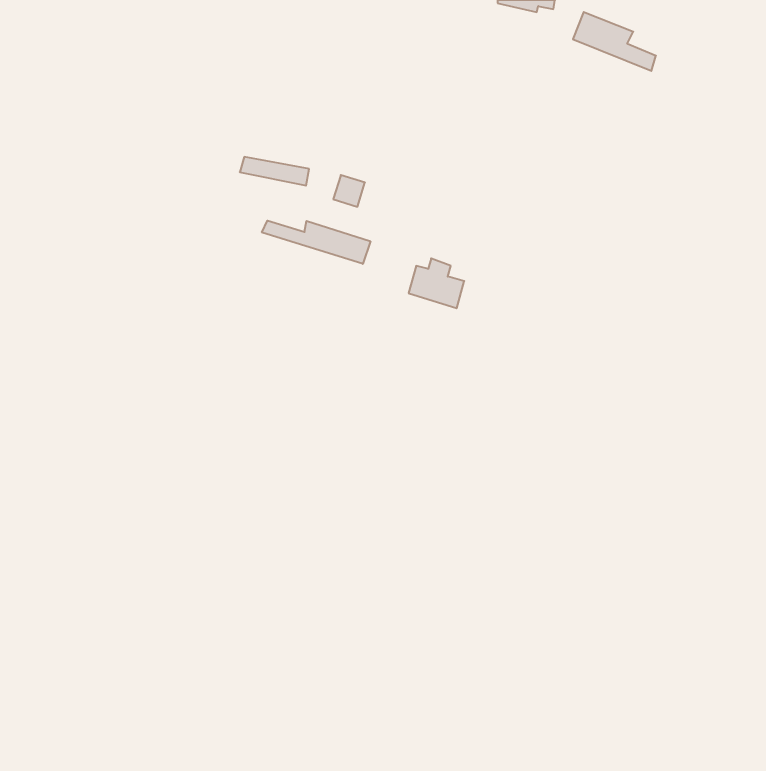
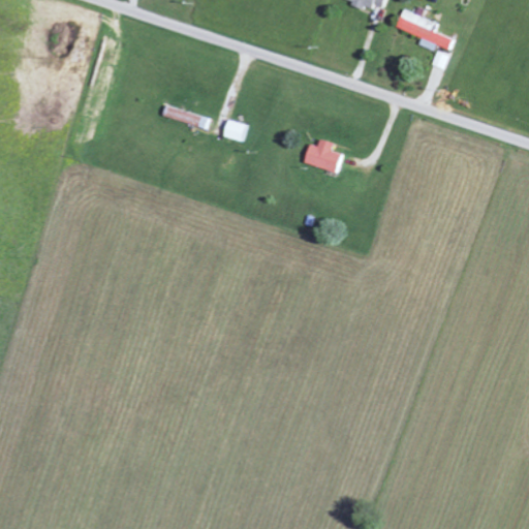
building: [262,221,370,264] -> none
building: [409,258,464,308] -> [302,138,340,173]

